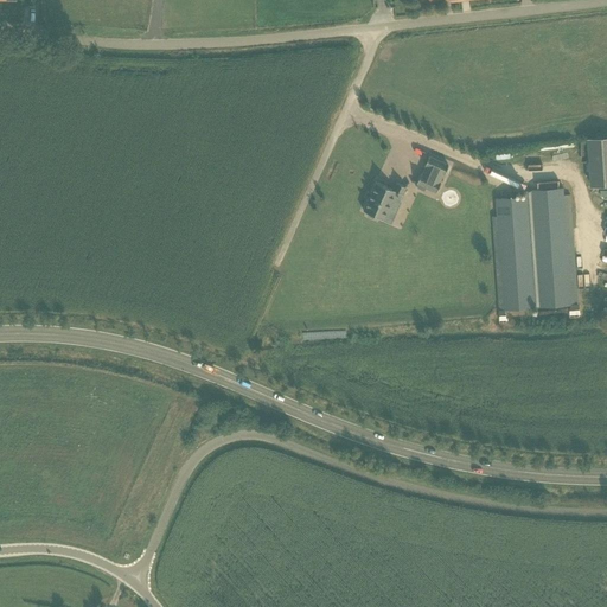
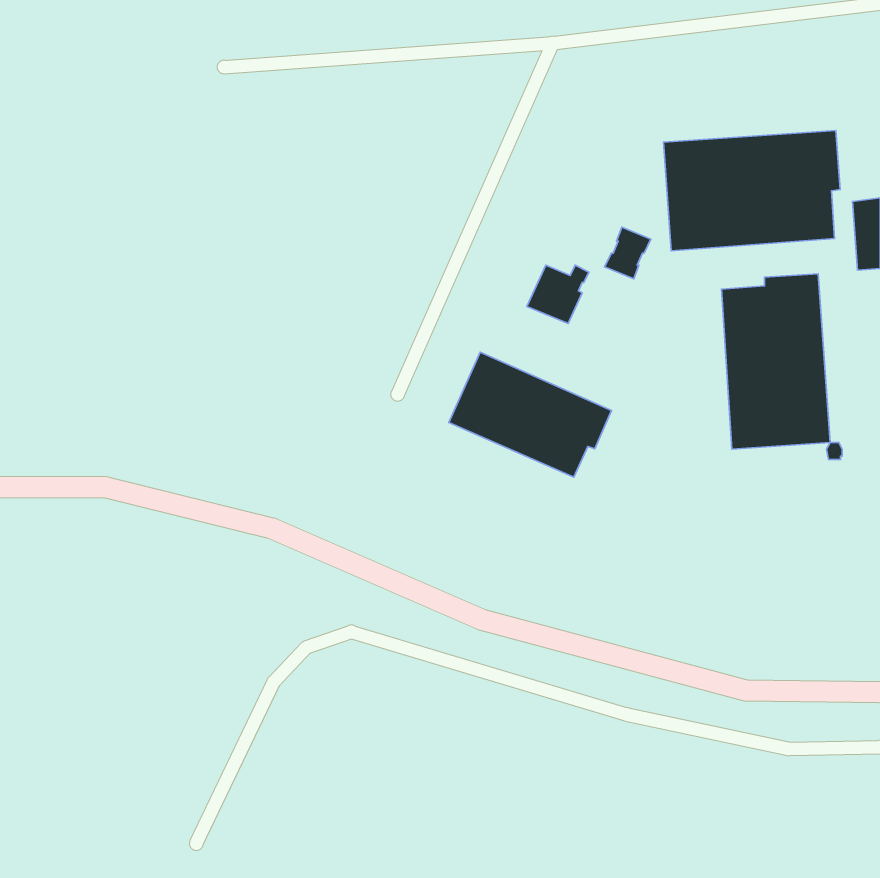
building: none -> [663,130,840,251]
building: none -> [449,352,611,477]

